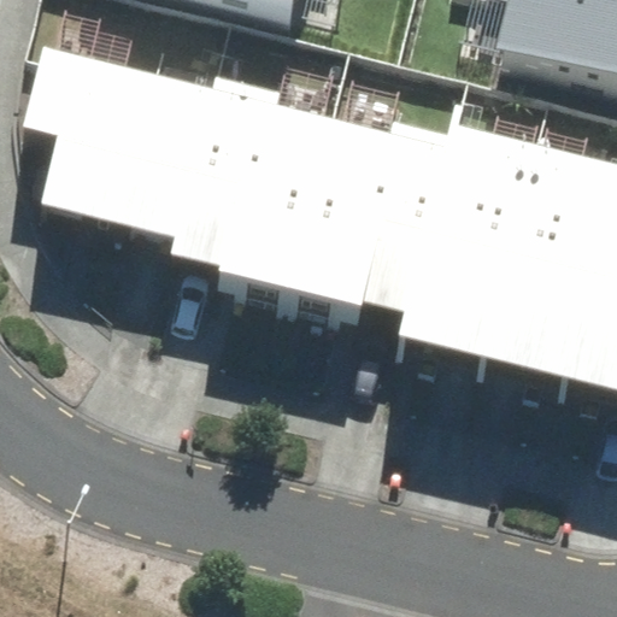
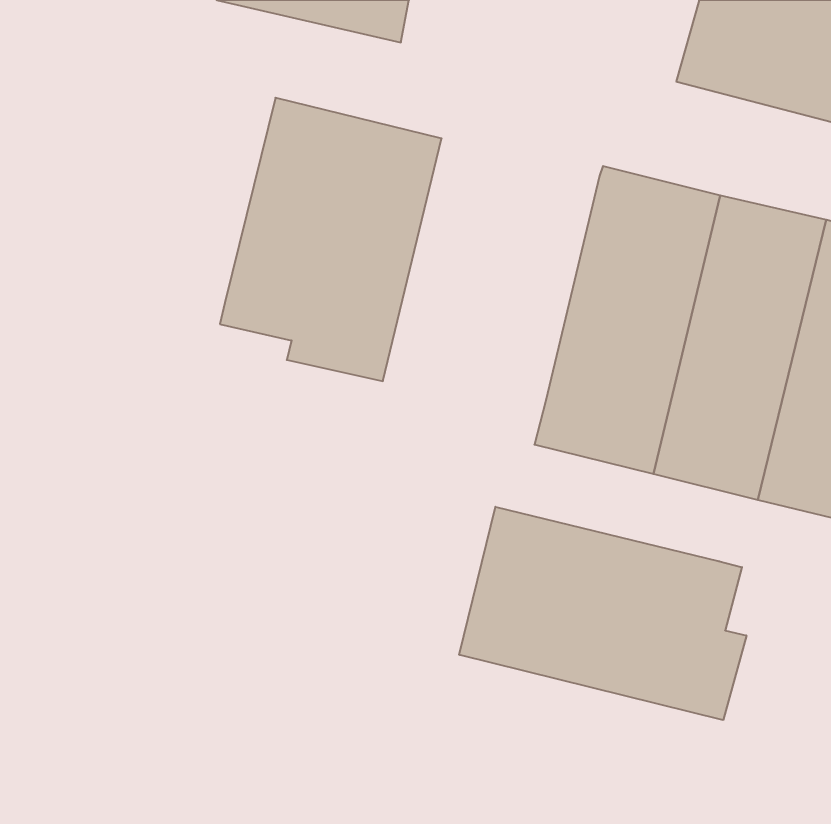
building: [22,39,205,230] -> none
building: [284,108,445,306] -> none
building: none -> [459,507,746,720]

